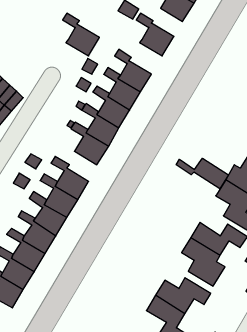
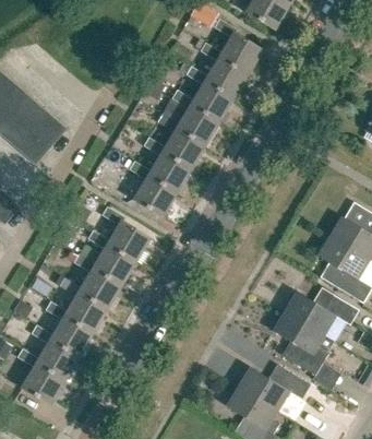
building: [63,13,99,56] -> [200,43,248,98]
building: [176,158,229,189] -> none

